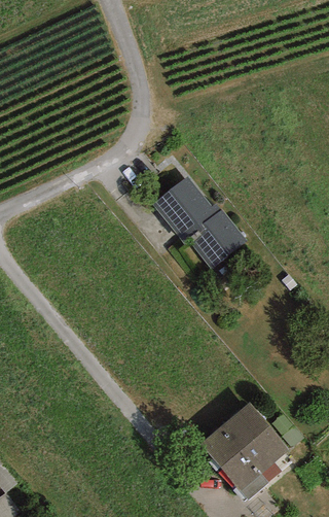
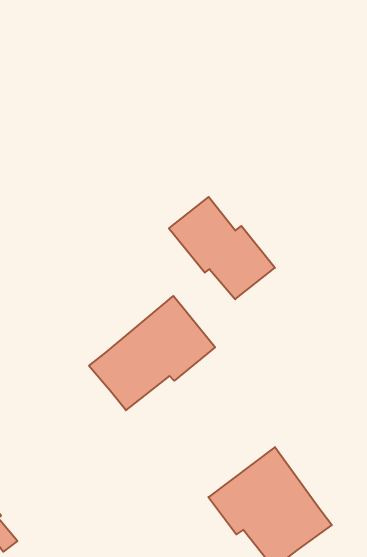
building: none -> [89,296,215,410]

